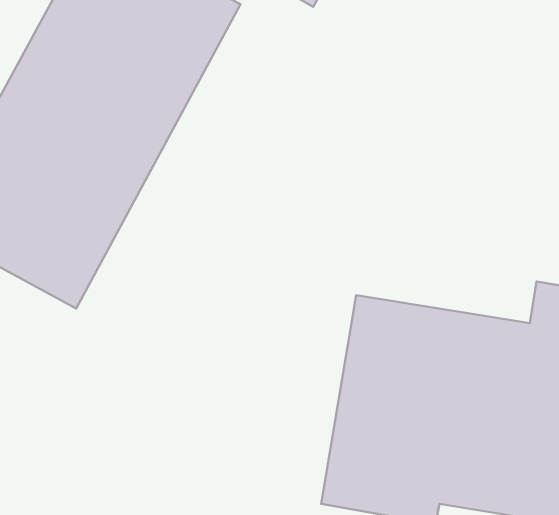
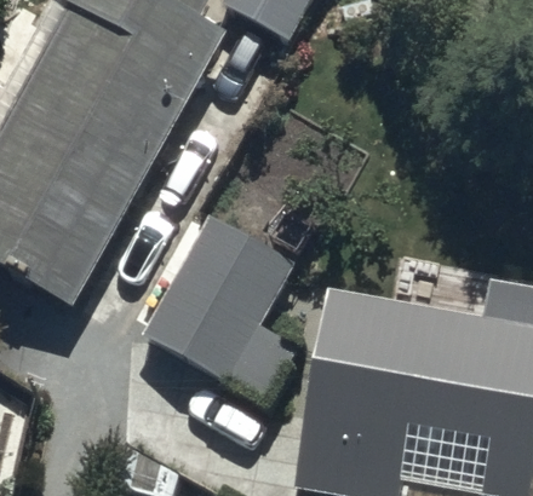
building: none -> [143,215,294,400]

